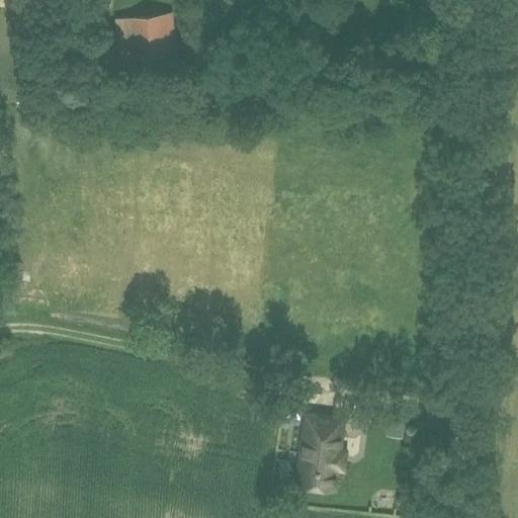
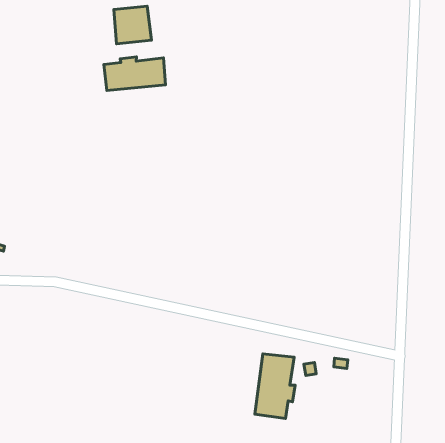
building: none -> [104,57,165,91]

